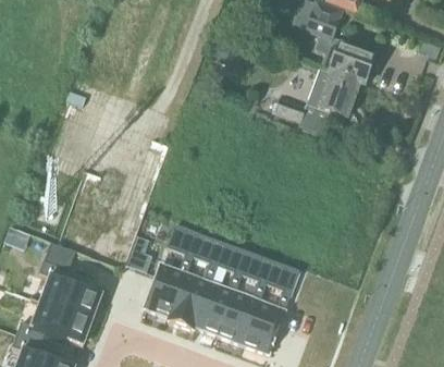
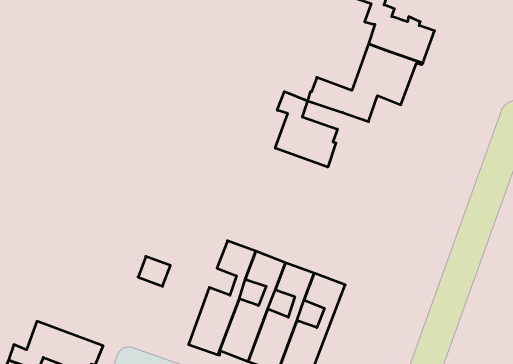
building: none -> [275,92,337,167]
building: [145,223,201,320] -> none
building: [40,238,102,321] -> none

